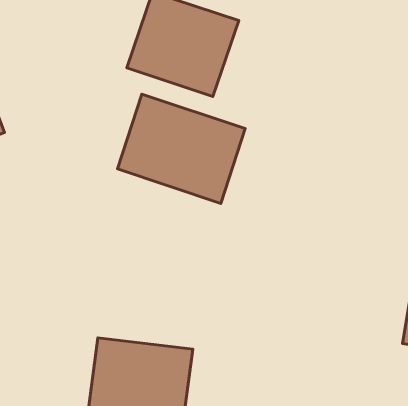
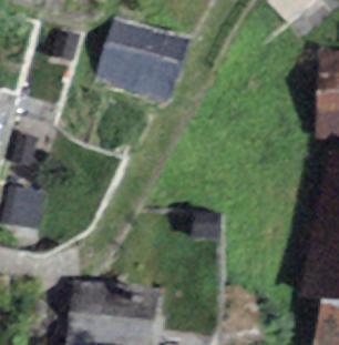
building: [117,94,245,203] -> none

